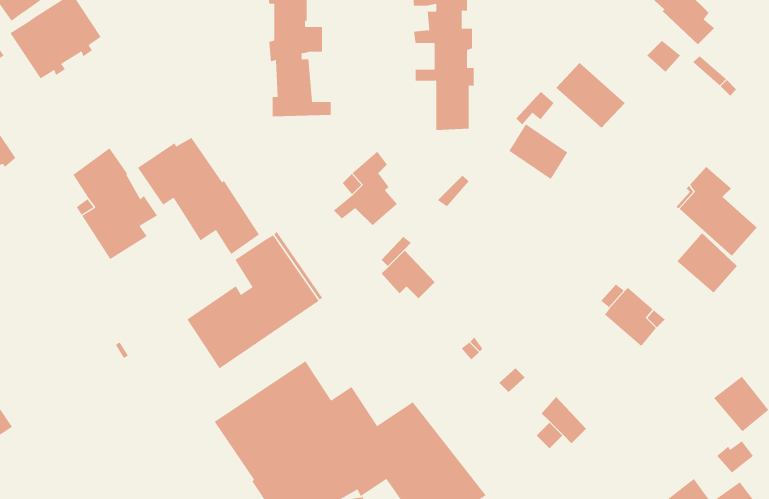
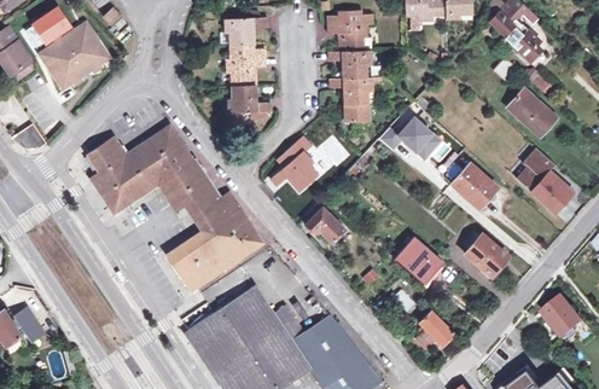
building: [556,62,625,129] -> [507,89,557,137]
building: none -> [126,150,223,257]
building: [676,232,738,294] -> [452,163,495,207]
building: none -> [397,239,442,283]

